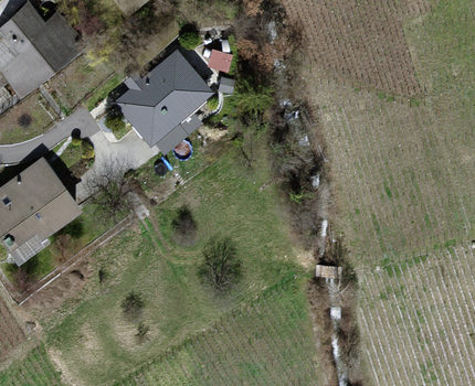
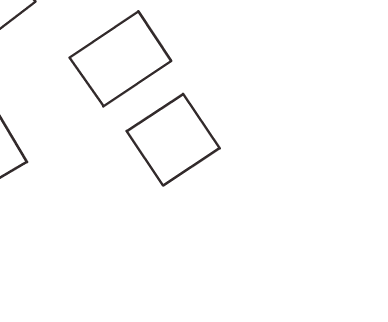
building: none -> [127,94,220,185]

